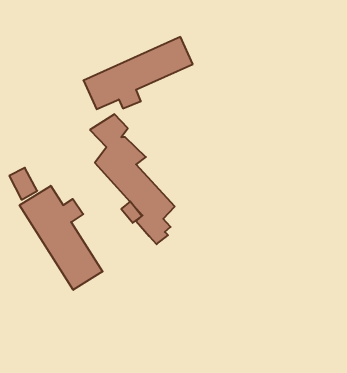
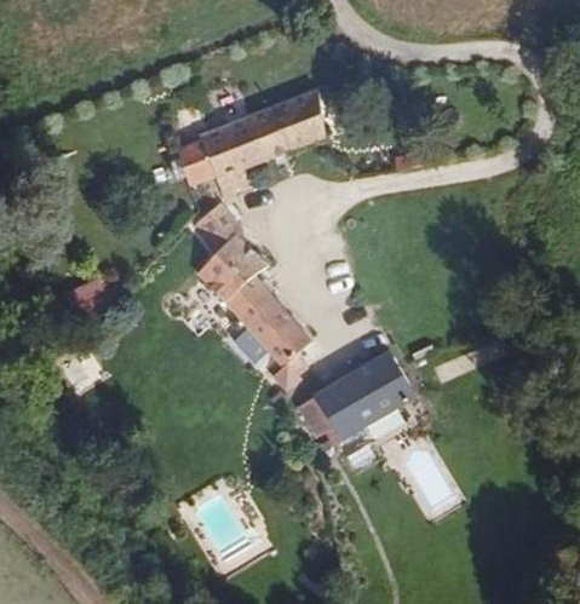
building: [20,186,103,290] -> none
building: none -> [295,349,418,455]

